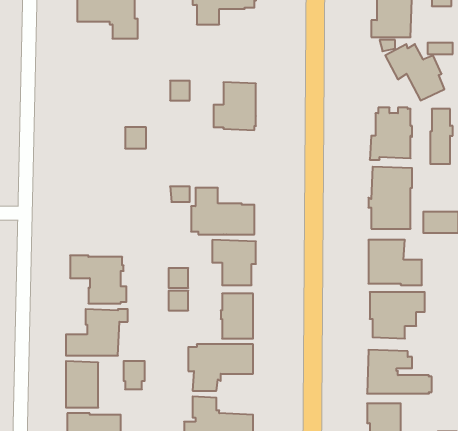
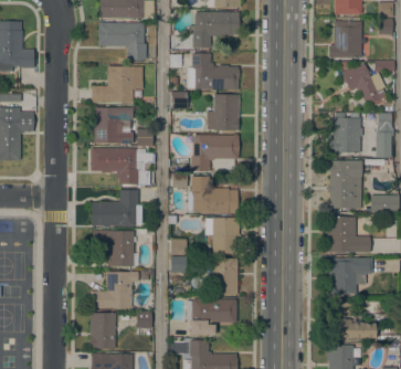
building: none -> [187,52,238,88]
building: none -> [91,65,143,102]
building: none -> [93,106,133,143]
building: none -> [190,134,238,171]
building: none -> [91,147,145,184]
building: none -> [91,189,141,225]

